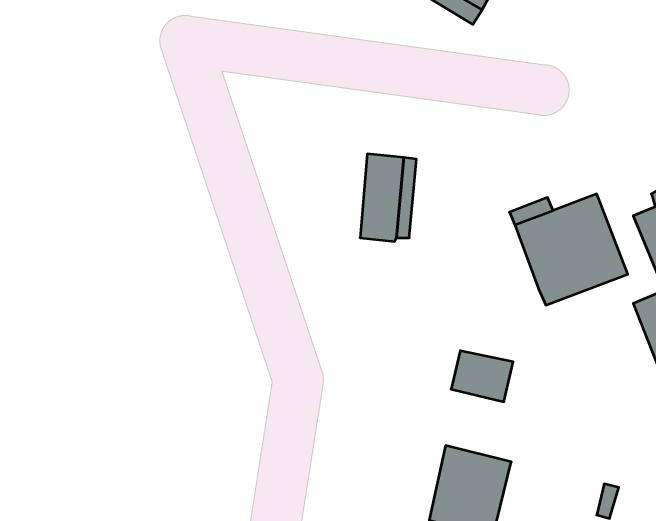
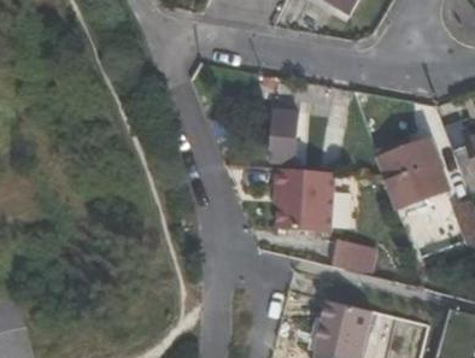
building: none -> [277,170,336,233]

